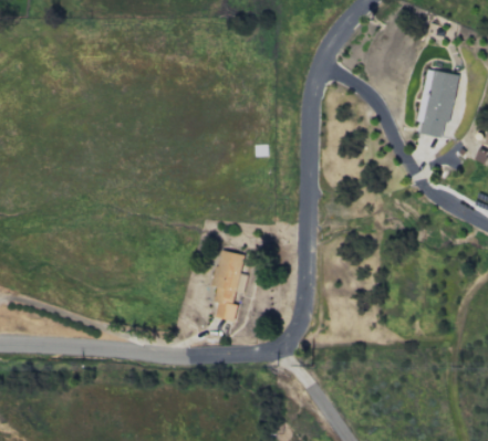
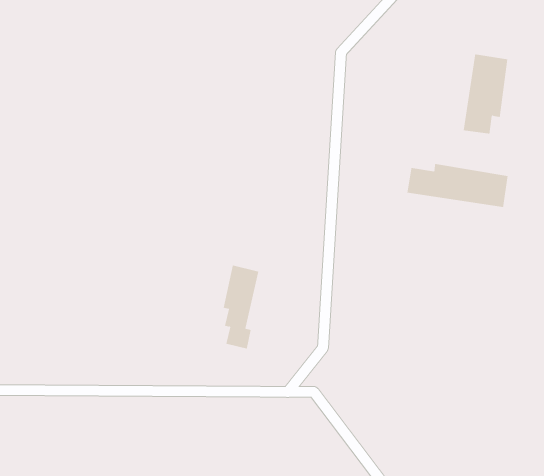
building: none -> [407,163,508,208]

